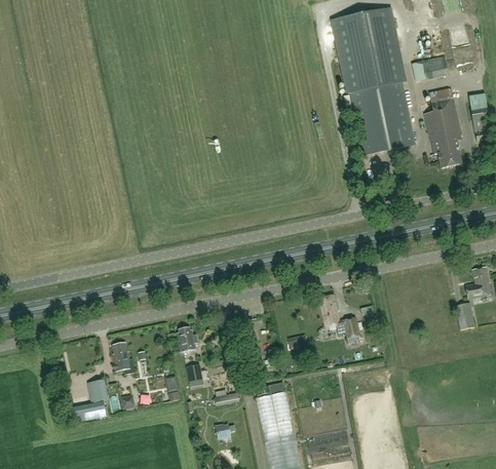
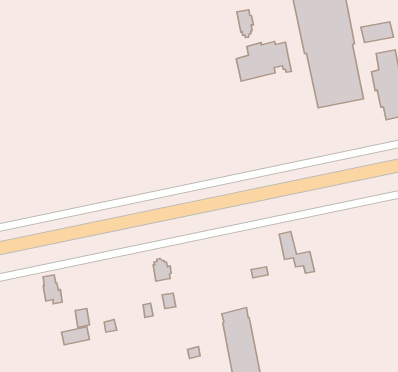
building: none -> [237,10,253,37]
building: none -> [236,42,291,81]
building: [113,341,135,374] -> [43,275,62,304]

